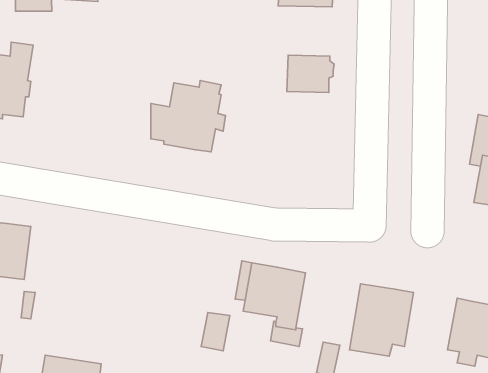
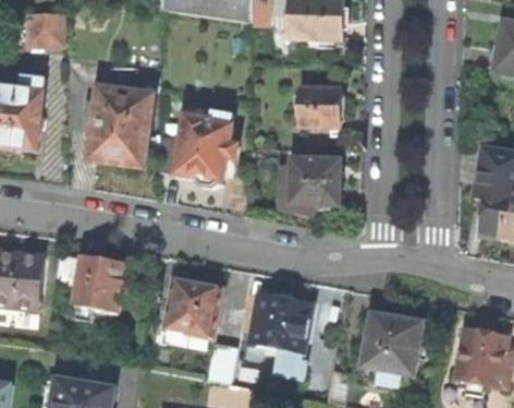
building: none -> [83,80,152,165]
building: none -> [277,158,336,212]
building: none -> [56,248,126,317]
building: none -> [162,278,220,337]

